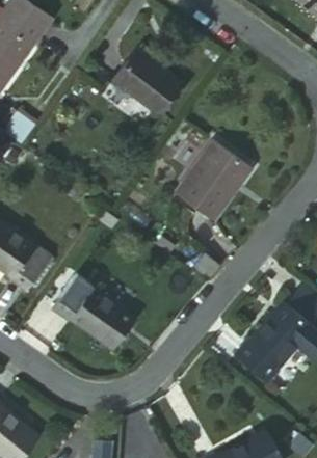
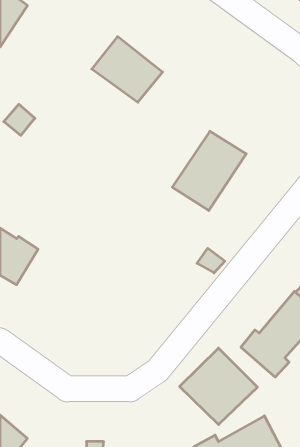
building: [47,277,131,353] -> none
building: none -> [180,348,257,425]

